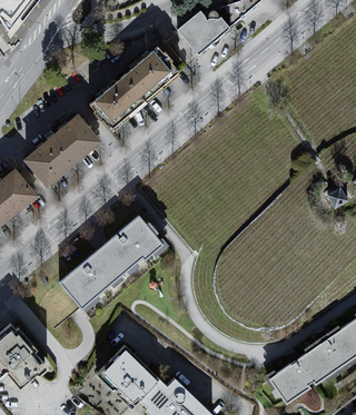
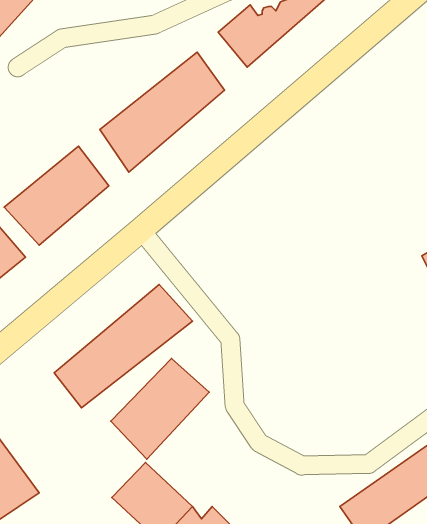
building: none -> [111,359,209,459]

